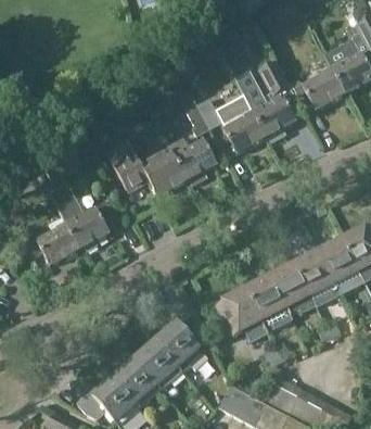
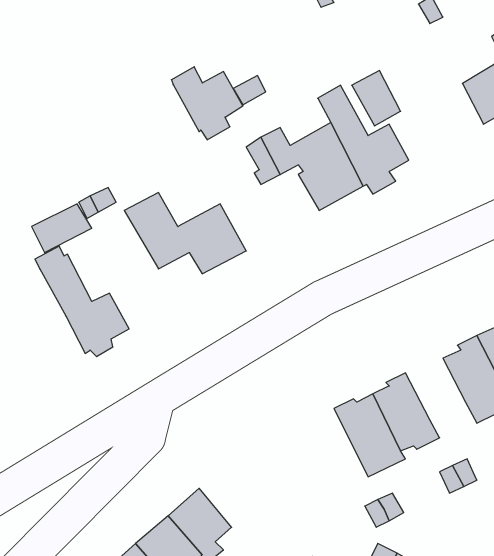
building: [290,68,345,111] -> none
building: [168,137,216,186] -> [171,67,243,140]
building: [36,224,79,265] -> none
building: [293,252,333,293] -> none
building: [218,286,268,341] -> none
building: [155,319,208,370] -> none

